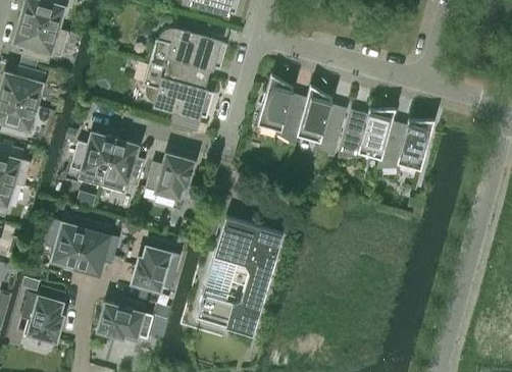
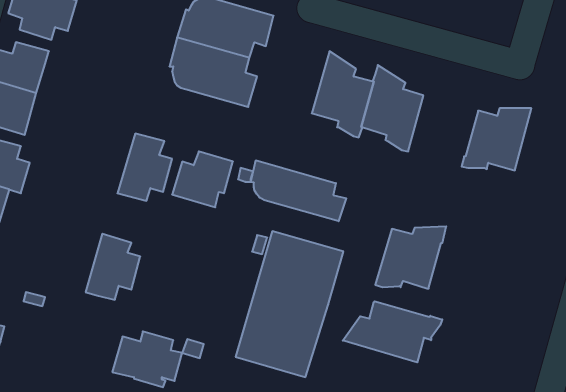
building: [337,109,394,159] -> [375,226,446,289]
building: [69,134,114,189] -> none
building: none -> [251,160,346,221]
building: [44,215,88,268] -> none
building: [131,238,180,293] -> none
building: none -> [343,301,442,362]
building: [20,286,64,342] -> none

